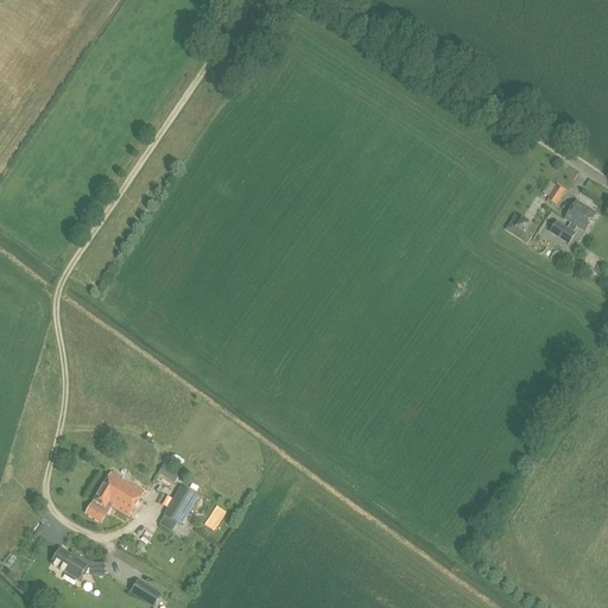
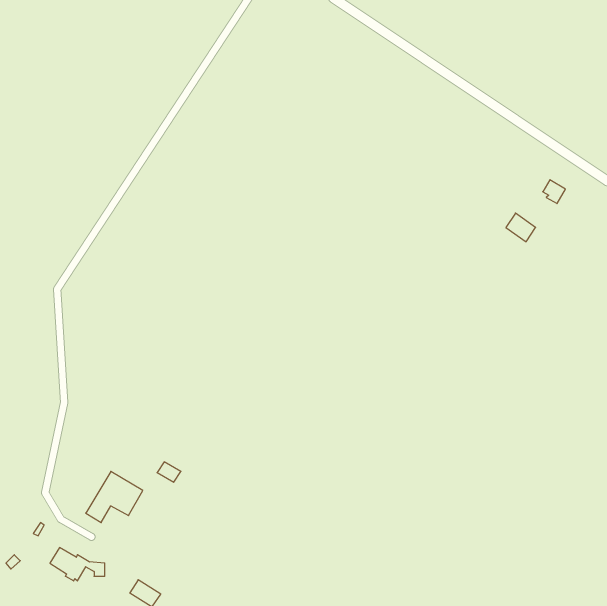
building: [549,198,595,242] -> none
building: [163,486,196,524] -> none

